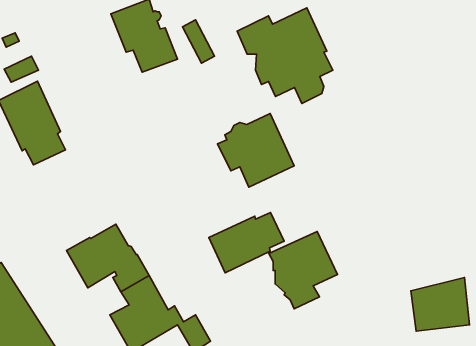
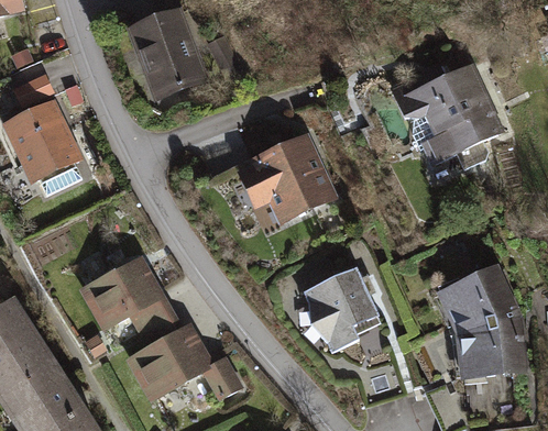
building: [237,8,333,104] -> [394,65,498,169]
building: [209,213,284,273] -> none
building: none -> [442,268,518,331]

